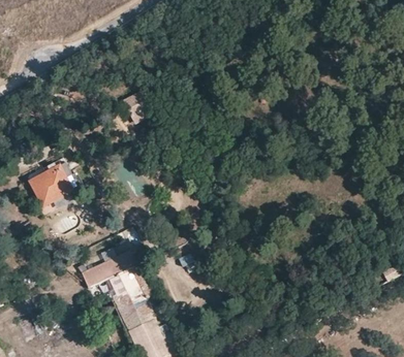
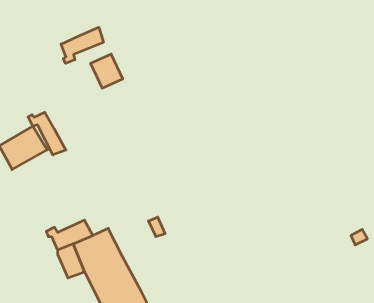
building: none -> [61,27,103,63]
building: none -> [28,112,66,155]

